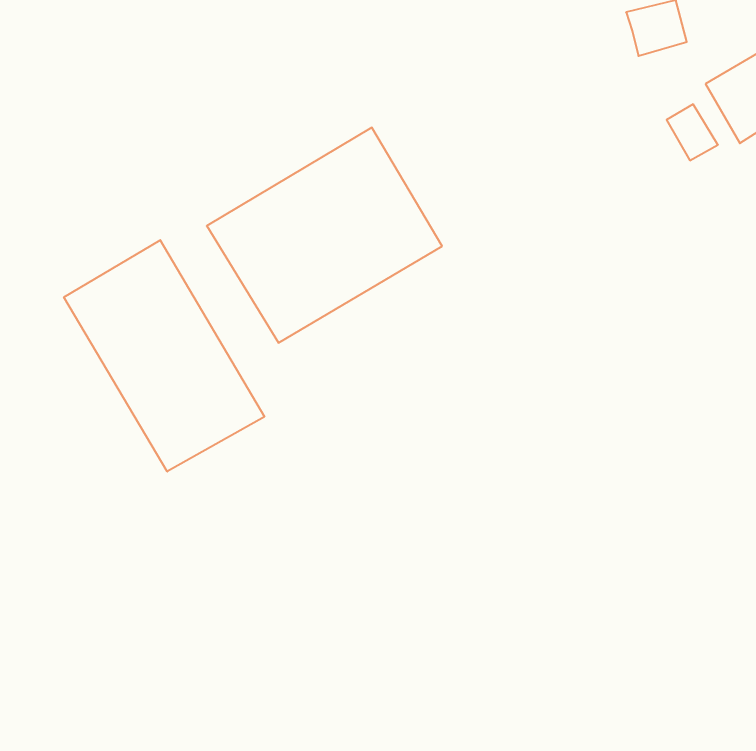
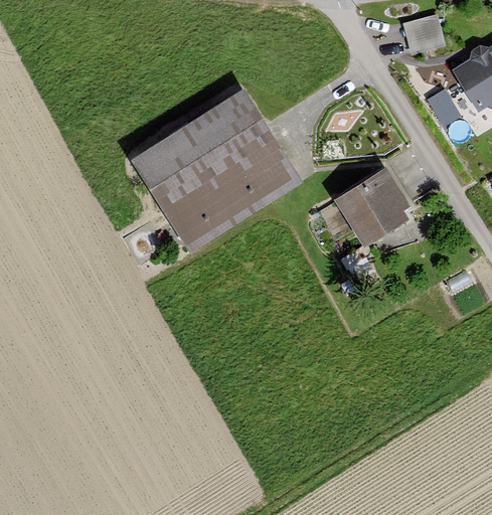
building: [64,240,264,472] -> none
building: none -> [339,173,408,236]

